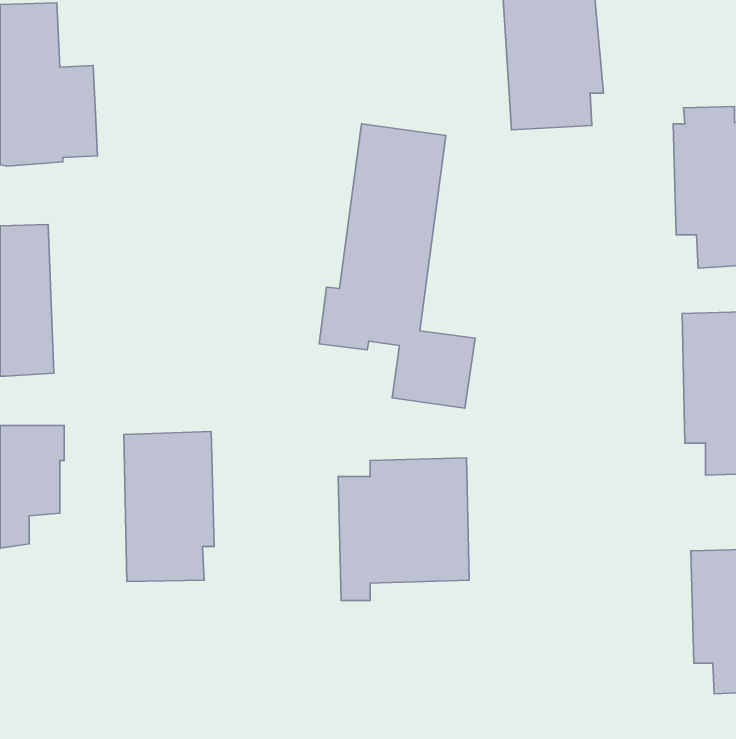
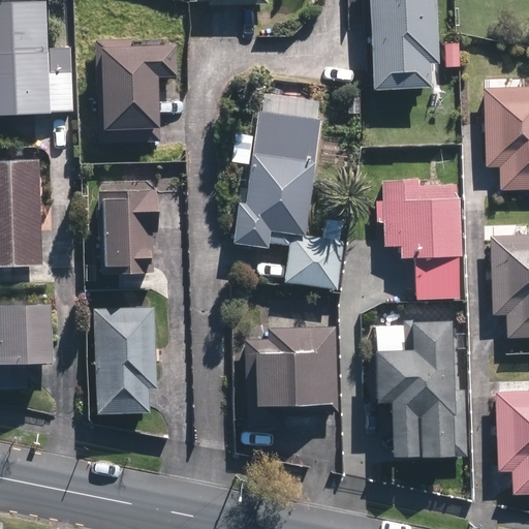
building: none -> [94,38,176,131]
building: none -> [376,179,460,298]
building: none -> [99,189,157,277]
building: none -> [370,321,468,459]

